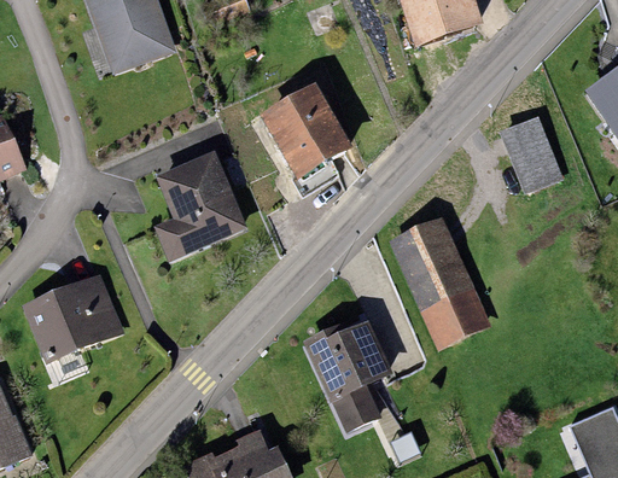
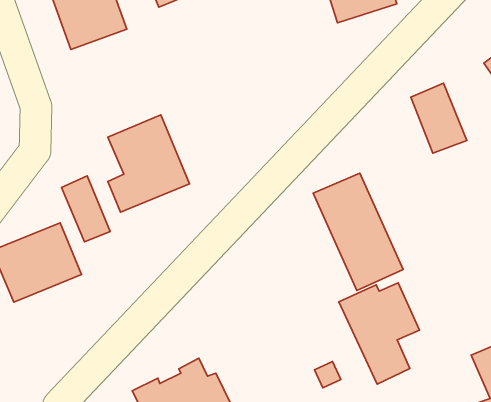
building: [261,81,354,177] -> none
building: none -> [61,176,110,242]
building: [301,319,392,435] -> [339,283,419,384]

